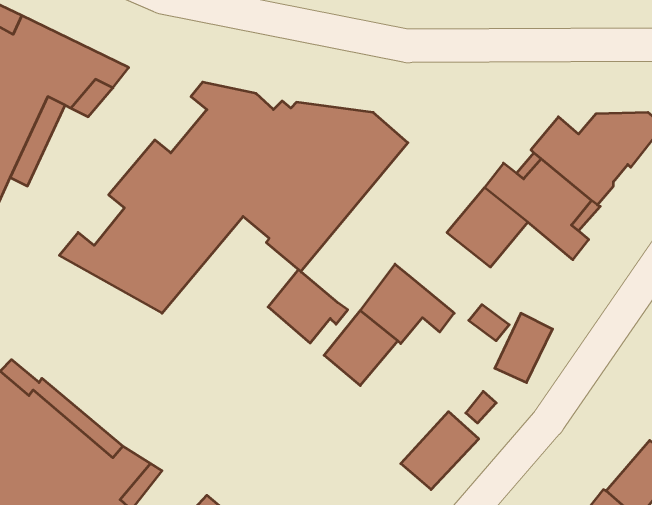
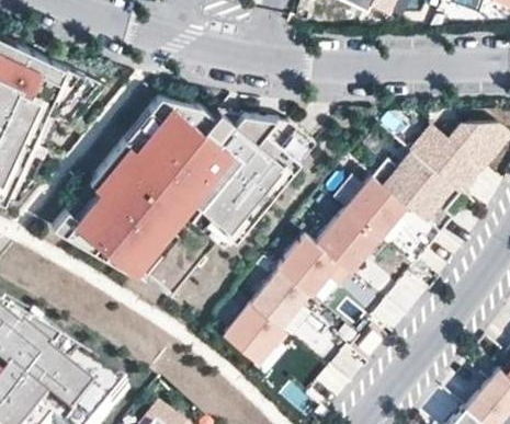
building: none -> [316,214,376,274]
building: [268,269,348,343] -> [225,305,285,360]

